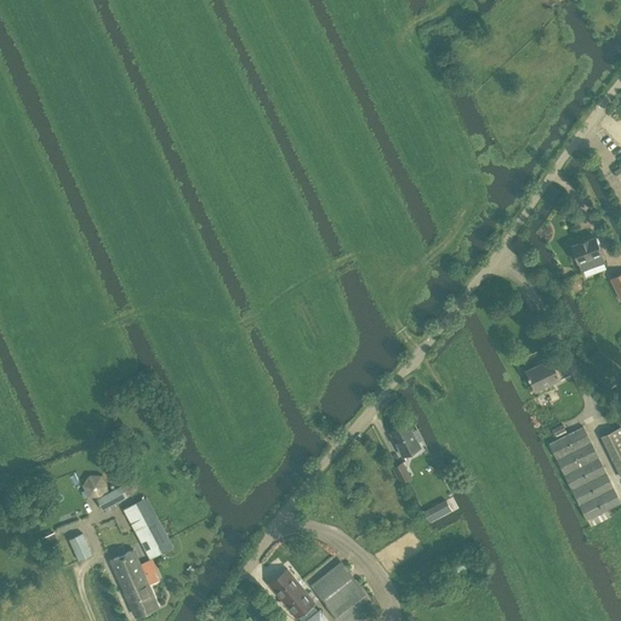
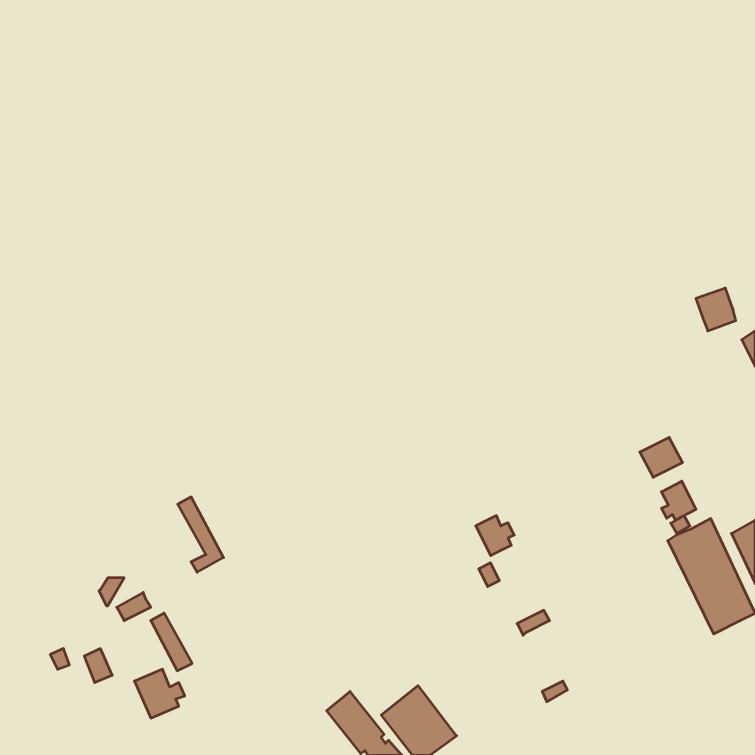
building: none -> [661,481,696,520]
building: [135,497,172,559] -> [178,497,224,572]
building: [124,570,159,615] -> none

